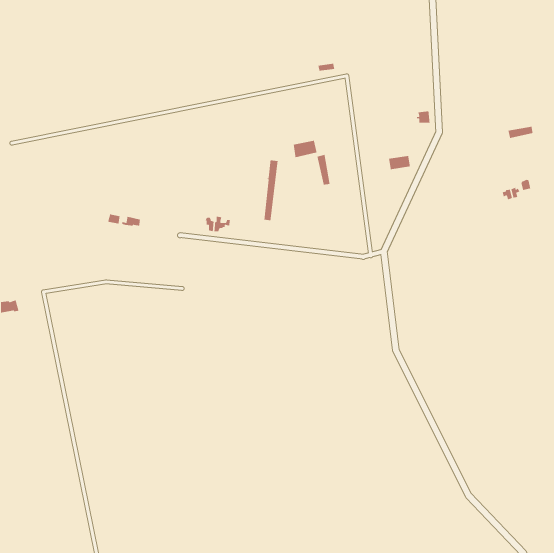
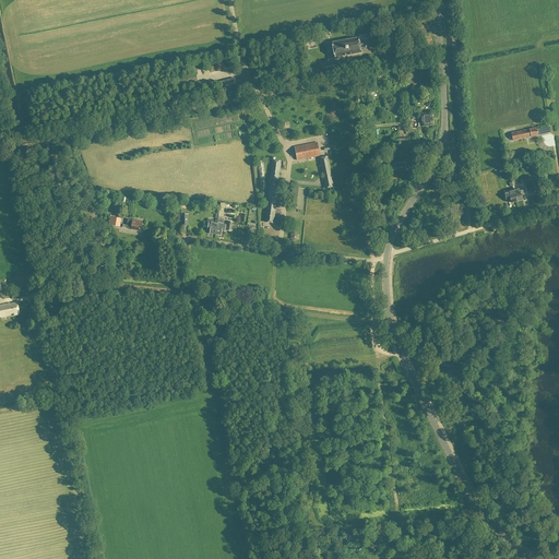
building: none -> [326,36,366,57]

